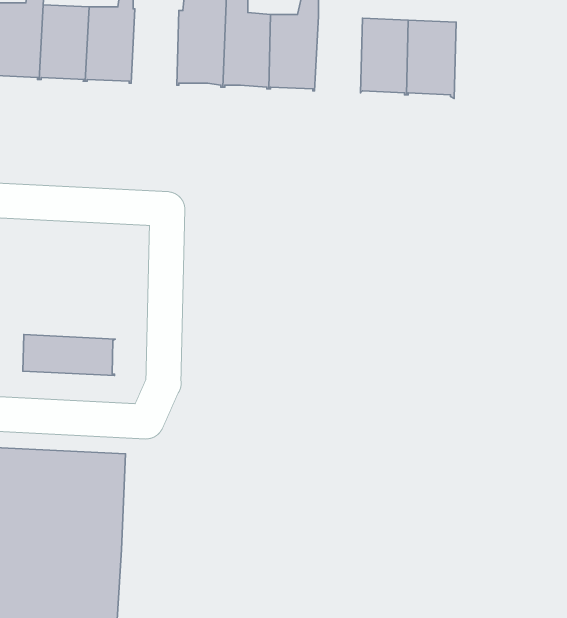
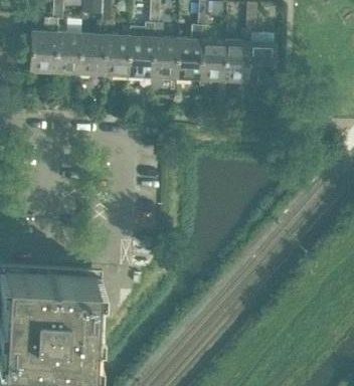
building: none -> [104,35,129,75]
building: none -> [200,39,225,79]
building: [23,335,115,376] -> none

